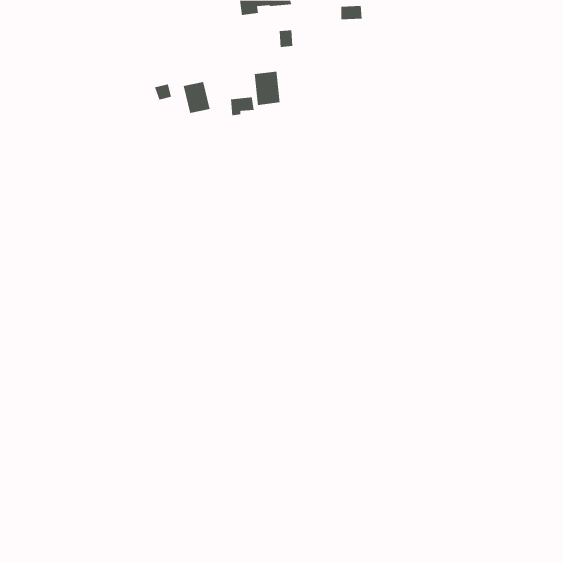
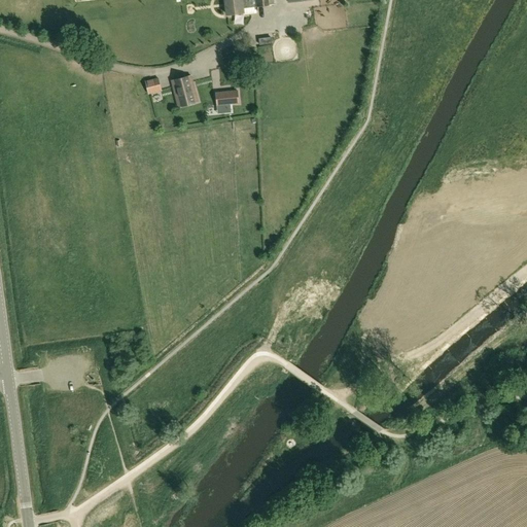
building: [254,71,280,106] -> none

